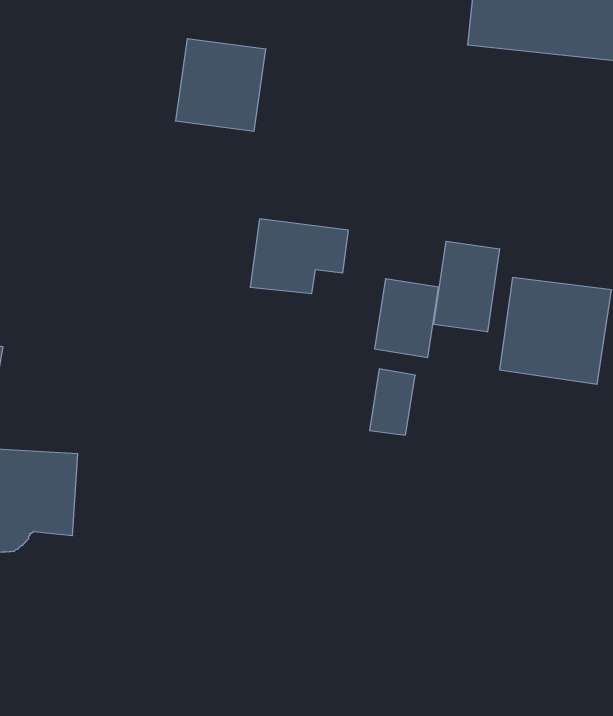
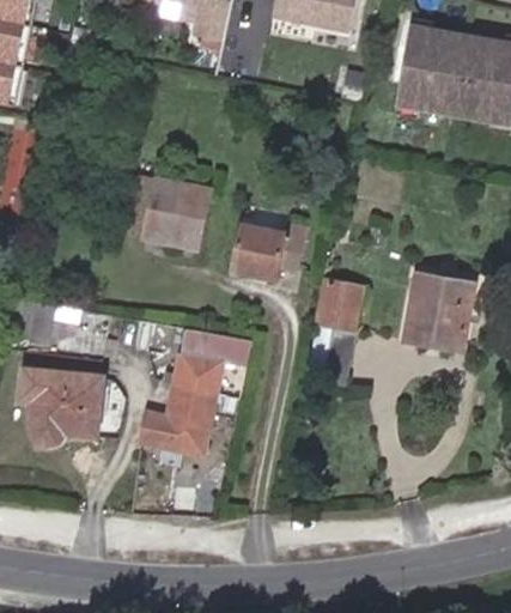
building: [175,39,266,131] -> [139,178,206,247]
building: [434,241,500,332] -> none
building: none -> [140,328,243,457]

